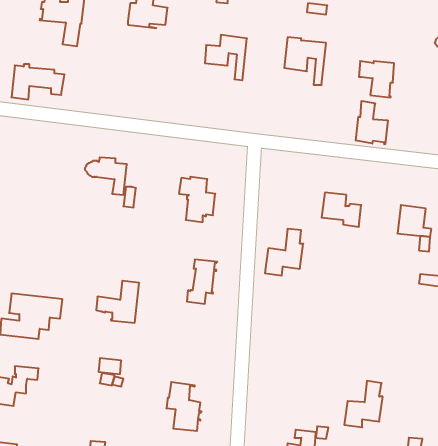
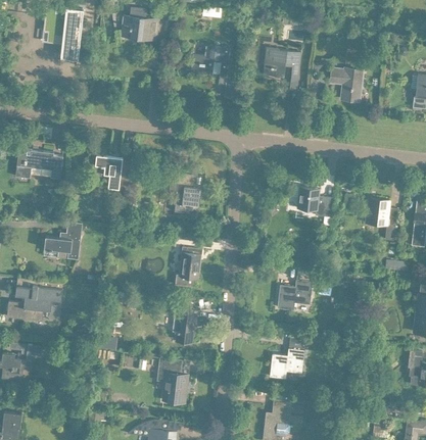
building: [11,64,65,99] -> [15,147,63,179]
building: [356,101,388,144] -> none
building: [265,229,303,276] -> [278,268,313,310]
building: [96,281,139,323] -> [44,222,83,259]
building: none -> [176,307,195,342]
building: [344,381,383,427] -> [270,337,304,379]

